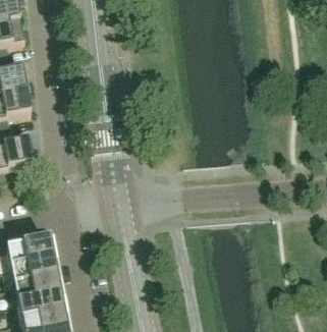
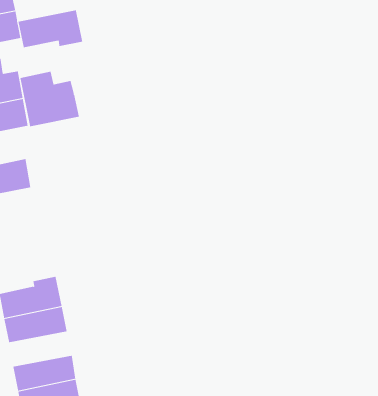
building: none -> [18,10,83,48]
building: none -> [20,71,79,127]
building: [14,279,66,308] -> none

